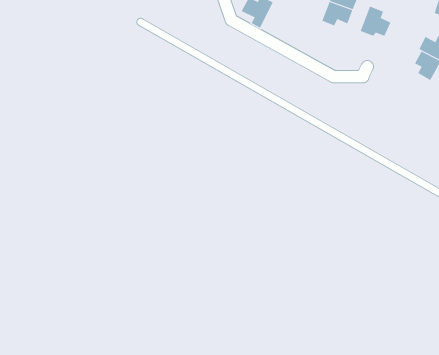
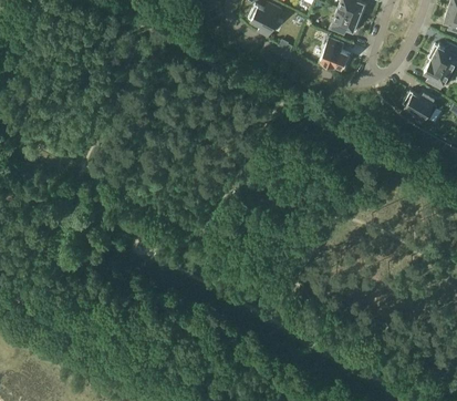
building: [360,6,391,37] -> [321,37,353,68]
building: none -> [405,90,438,123]

